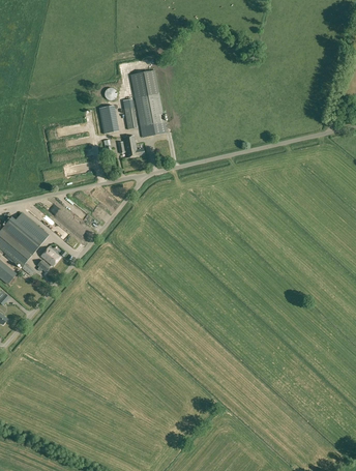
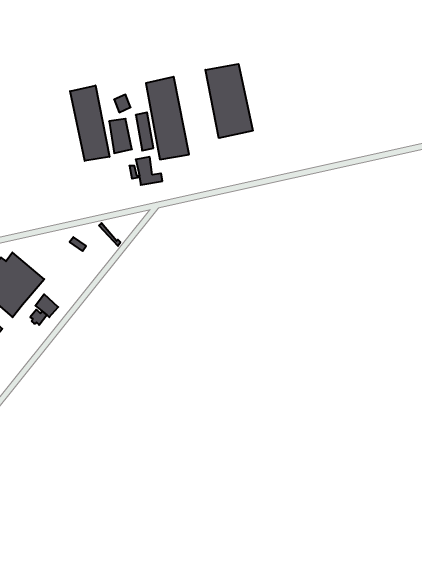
building: none -> [205,64,253,138]
building: none -> [70,85,109,161]

